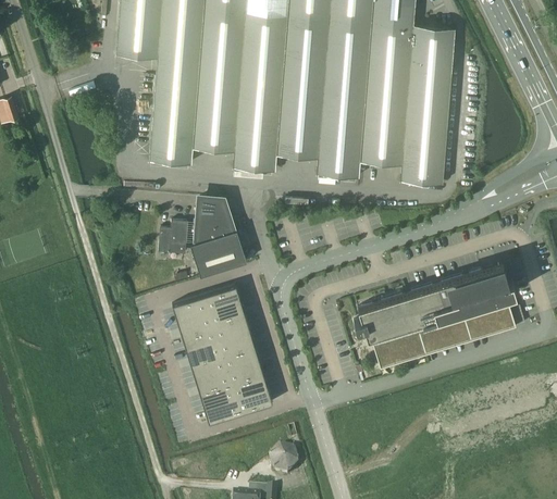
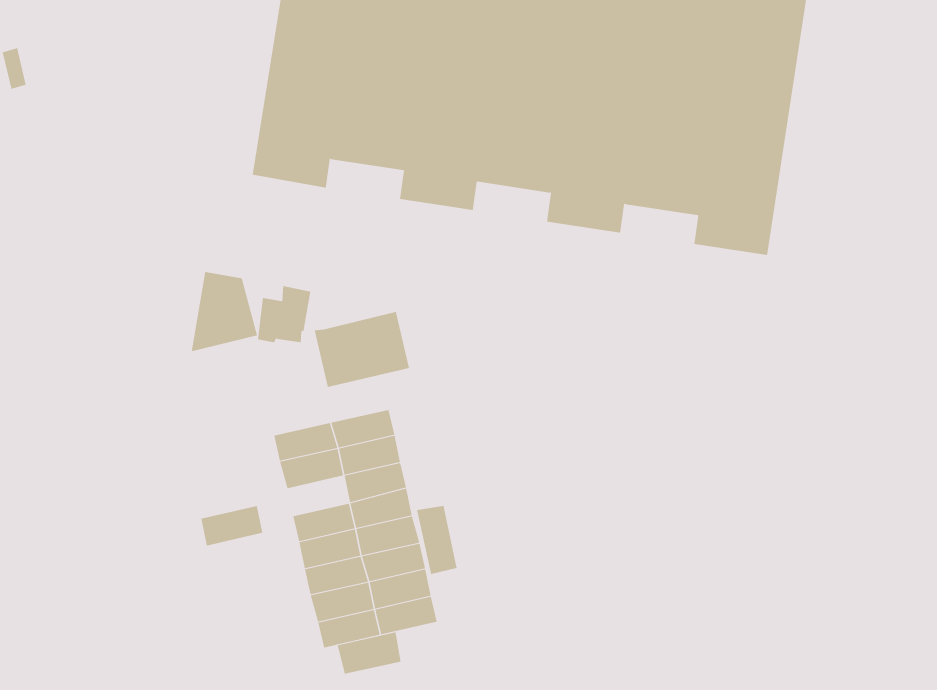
building: [196,199,233,245] -> [191,272,258,352]
building: [354,265,525,370] -> none
building: [182,326,218,351] -> [201,505,263,546]
building: none -> [417,505,457,575]
building: none -> [337,631,401,675]

